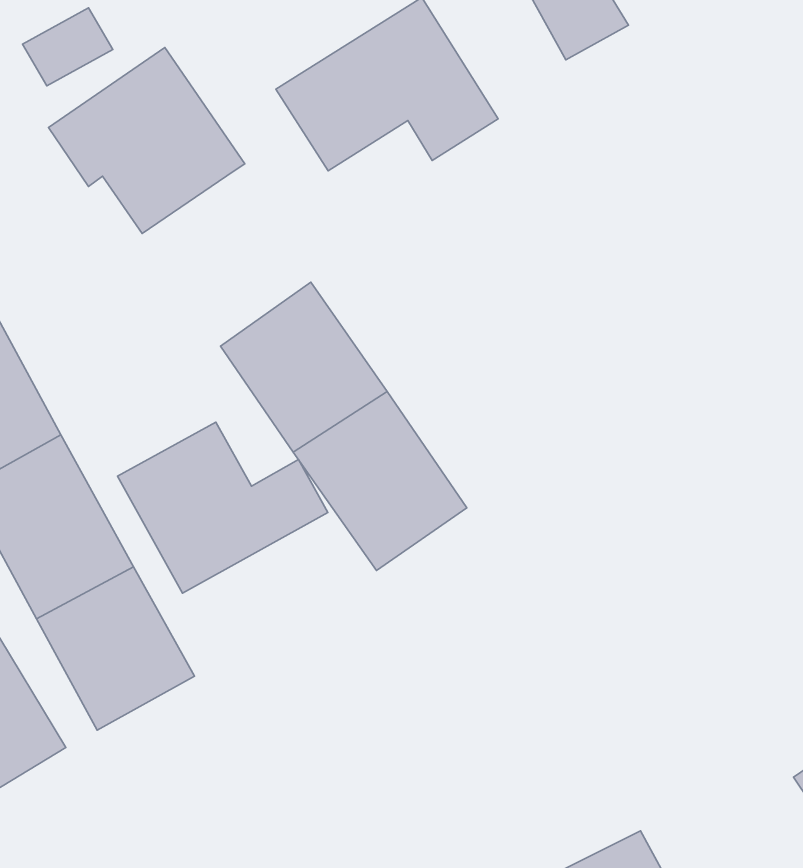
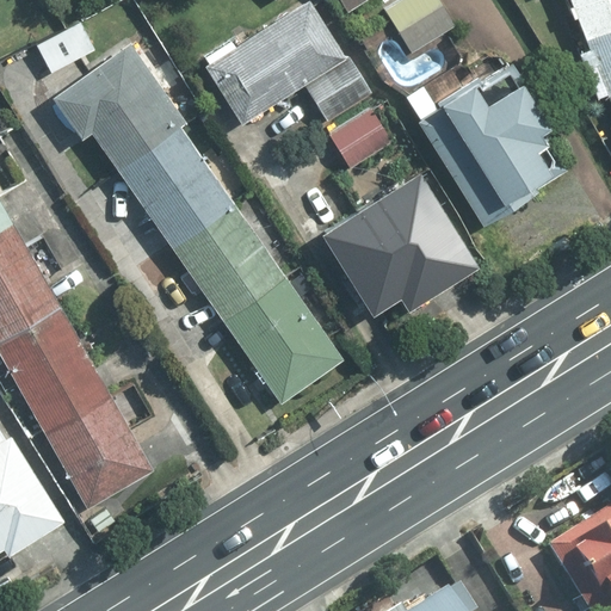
building: none -> [420,62,564,222]
building: none -> [326,100,395,166]
building: none -> [117,128,233,248]
building: none -> [321,162,482,309]
building: [118,422,328,593] -> none

